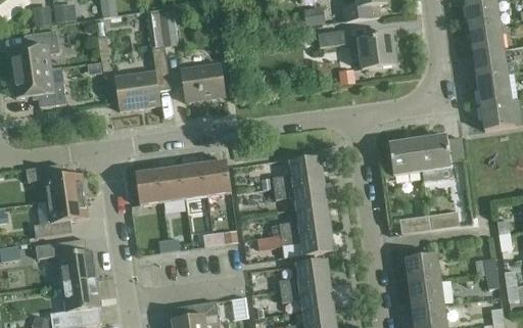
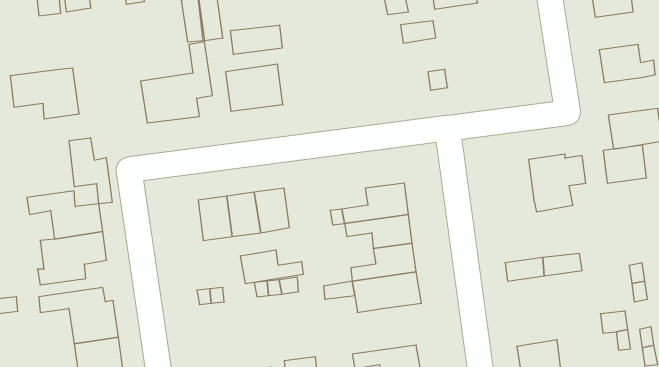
building: [470,22,504,52] -> none
building: [9,30,59,73] -> none
building: none -> [230,25,282,55]
building: [348,35,395,66] -> none
building: [477,74,511,103] -> [603,145,646,183]
building: none -> [69,138,112,204]
building: [388,138,422,174] -> none
building: [136,170,163,204] -> none
building: none -> [240,250,303,284]
building: [406,253,440,284] -> none
building: [279,260,330,290] -> none

